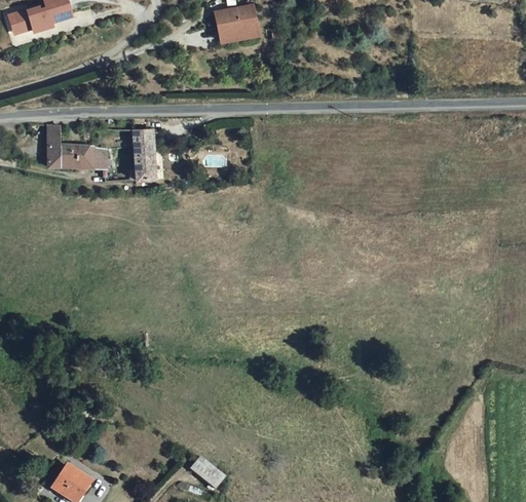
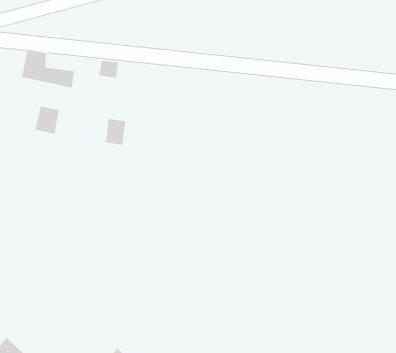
building: [132,149,153,178] -> [105,118,126,145]
building: none -> [34,106,60,134]

